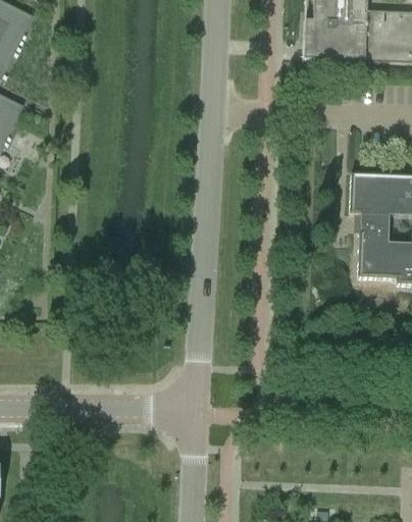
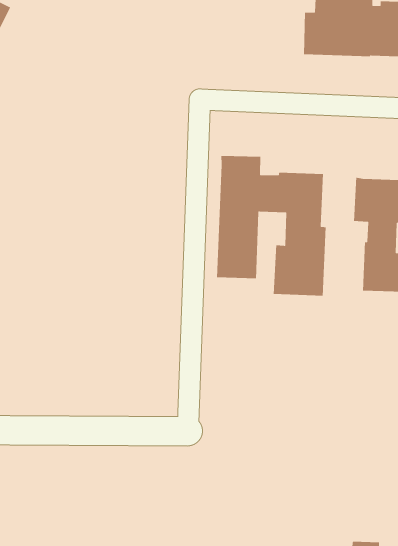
building: none -> [216,155,326,297]

